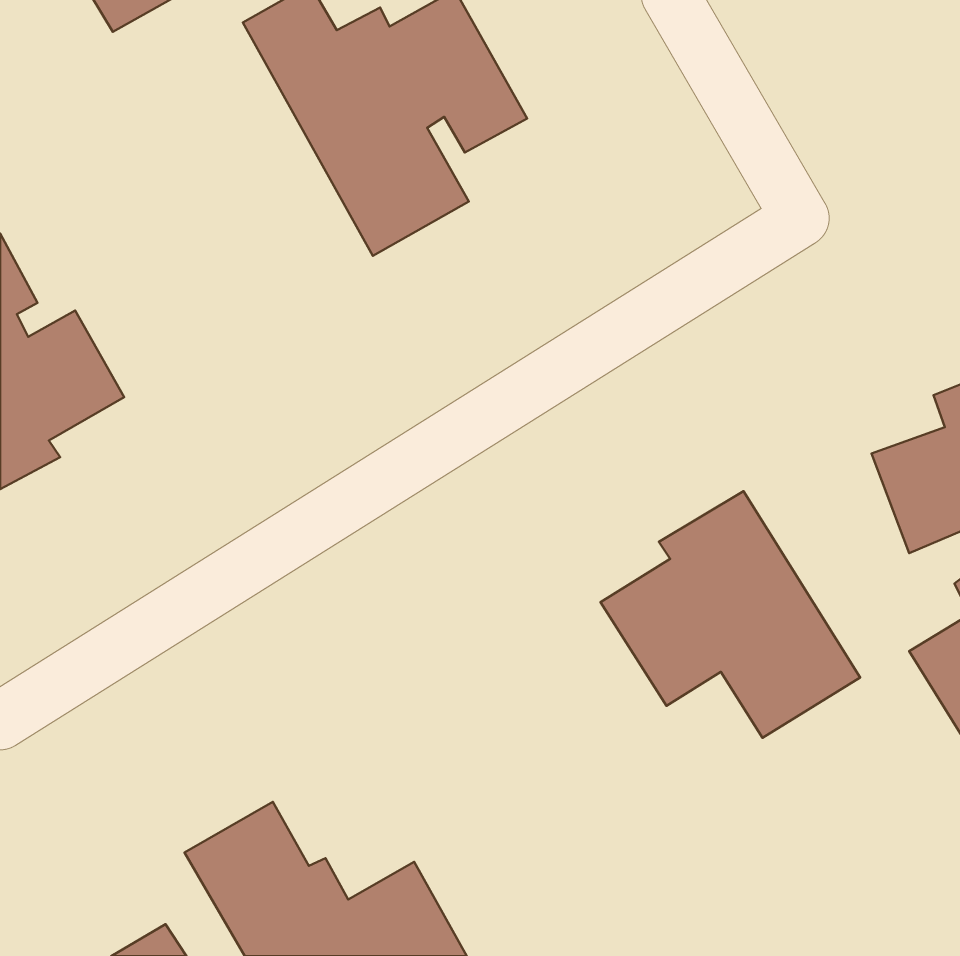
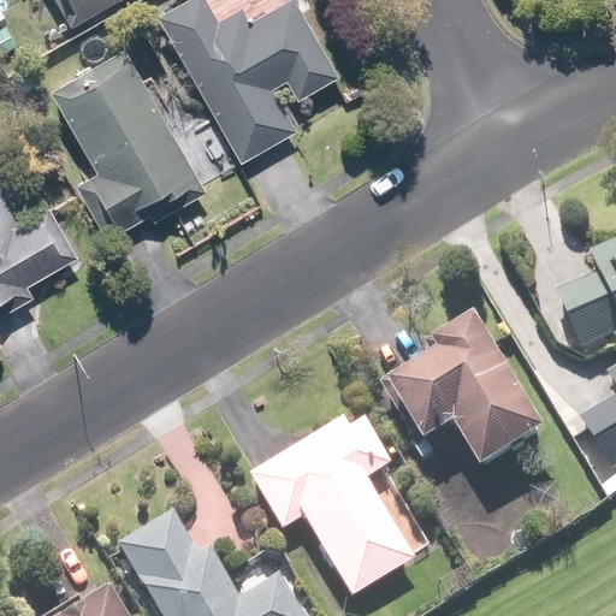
building: none -> [48,42,209,239]
building: none -> [249,419,414,600]

